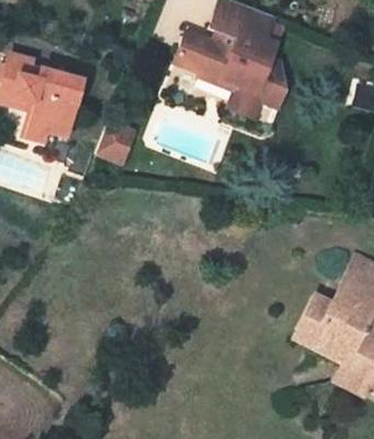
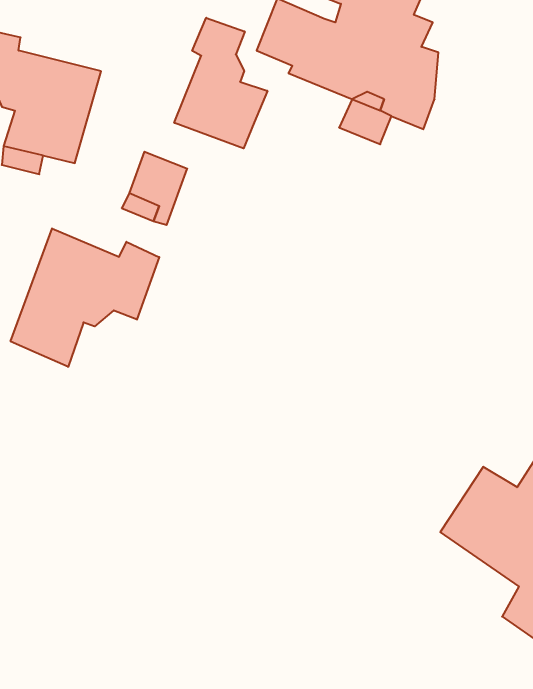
building: none -> [174,18,267,148]
building: none -> [11,228,159,367]

